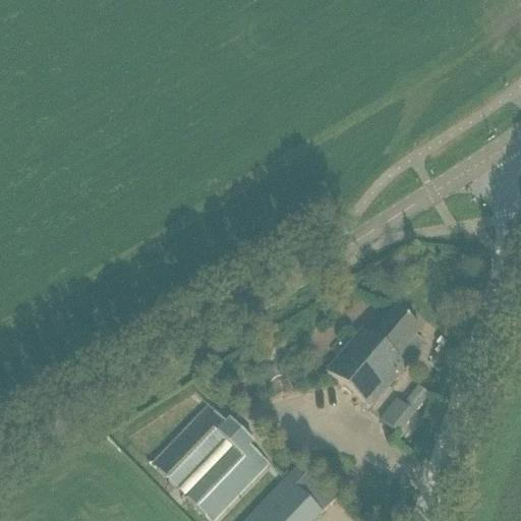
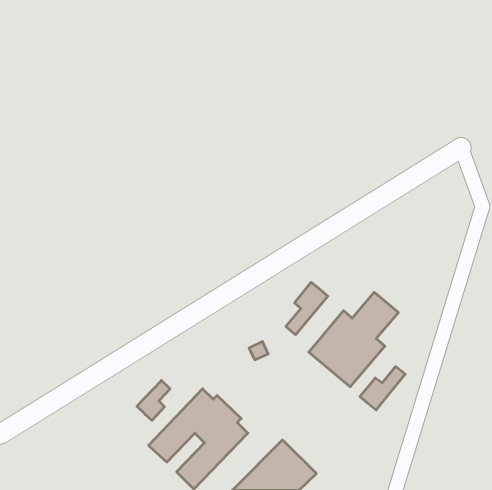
building: none -> [286,282,328,335]
building: none -> [137,380,170,420]

